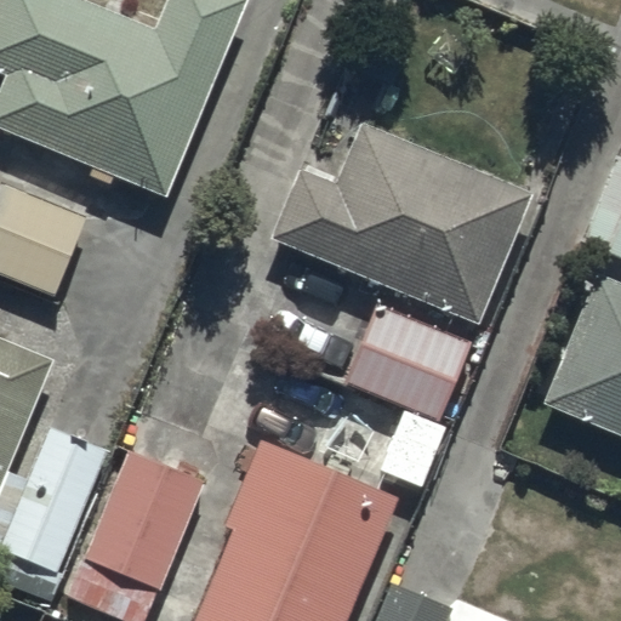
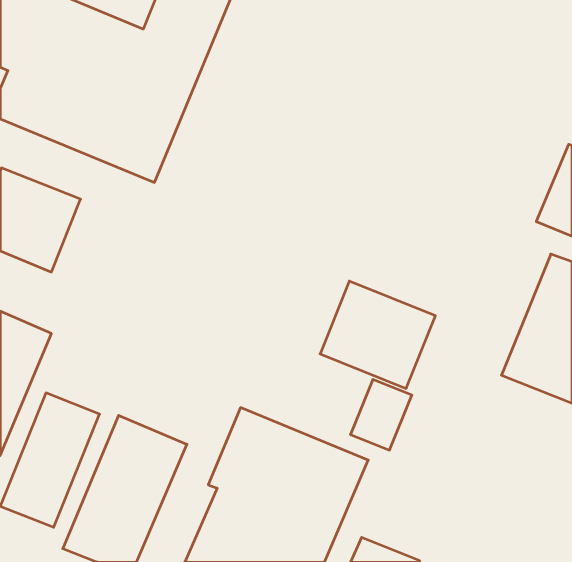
building: [272,124,534,326] -> none

